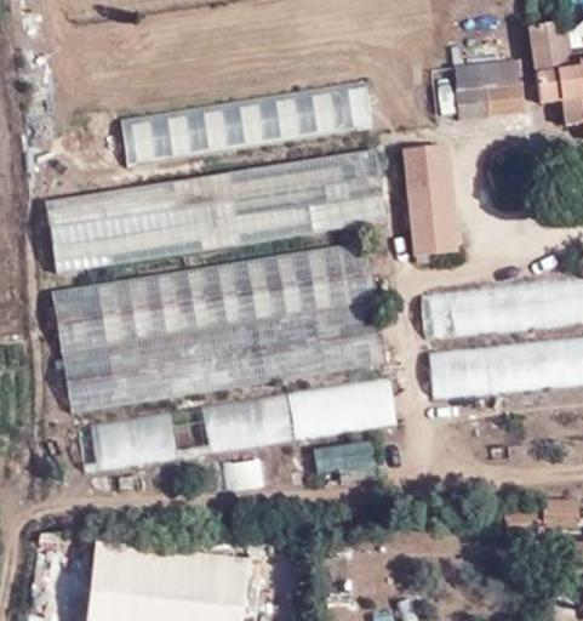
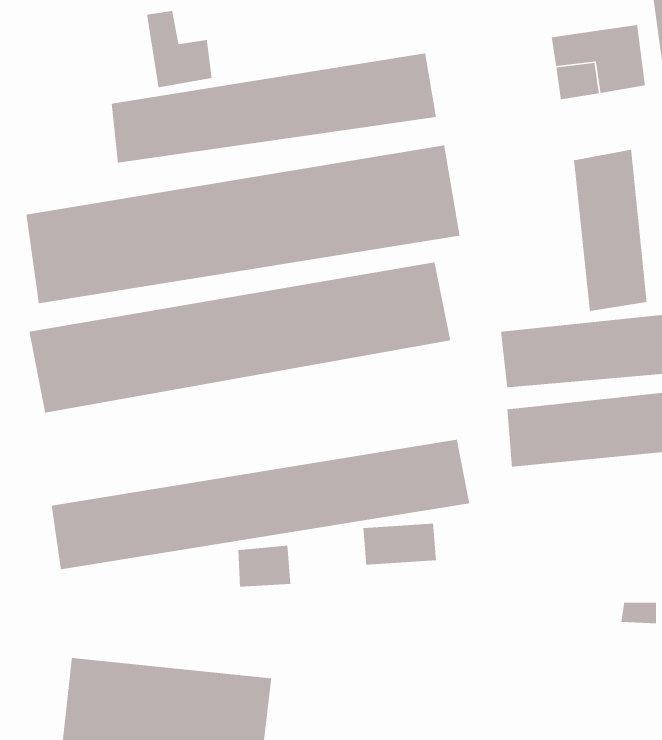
building: none -> [146,10,213,88]
building: [404,135,461,260] -> [573,149,648,312]
building: [67,301,390,415] -> none

